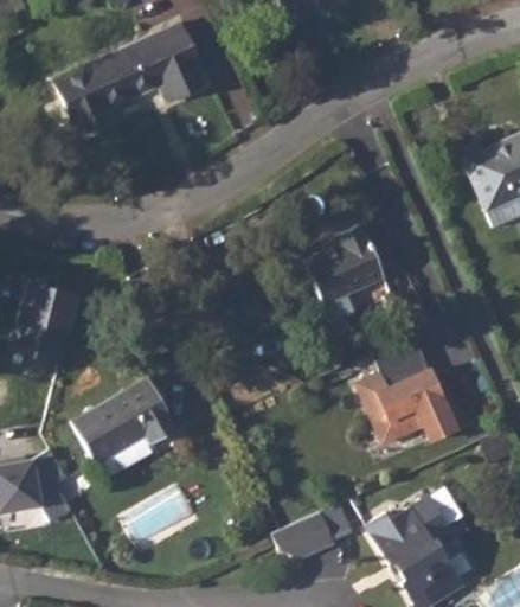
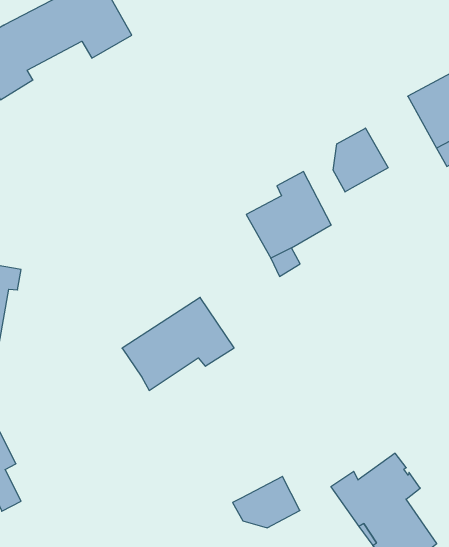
building: none -> [333,128,388,192]
building: [358,334,467,443] -> none
building: [72,379,178,464] -> [122,297,234,390]

